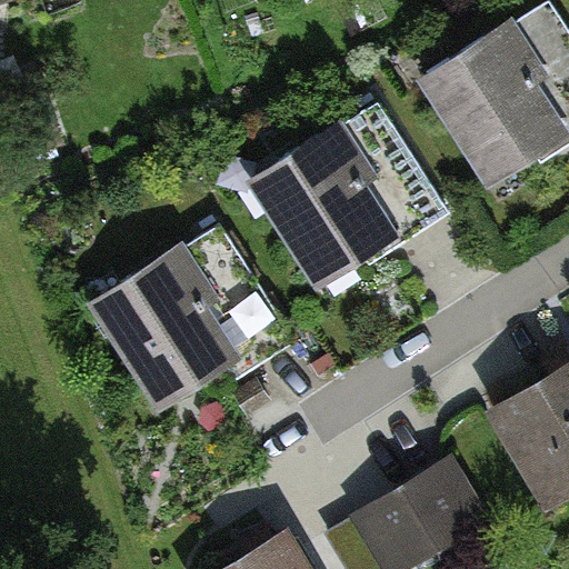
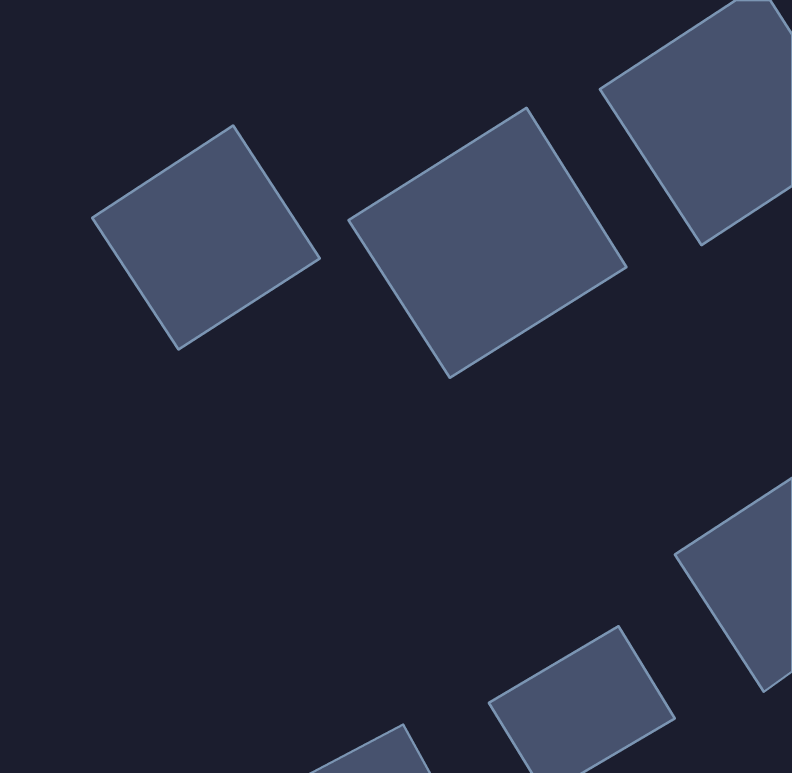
building: none -> [92,126,320,349]
building: [82,239,260,413] -> none

